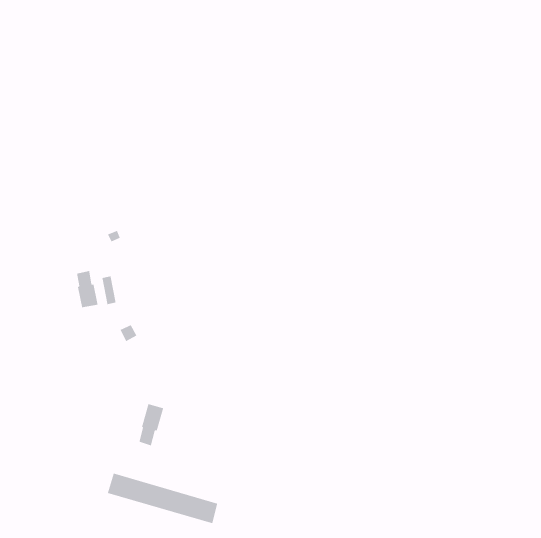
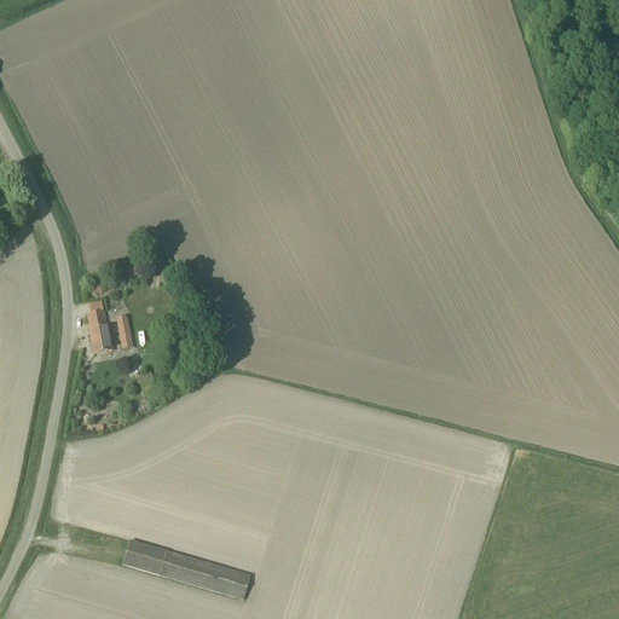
building: [138,403,164,446] -> none

